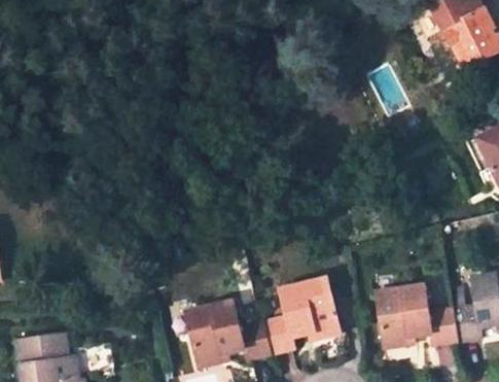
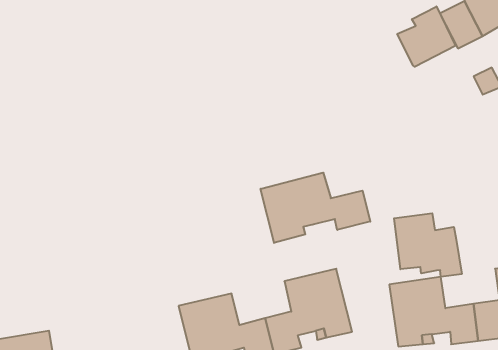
building: none -> [397,6,456,67]
building: none -> [261,173,370,243]
building: none -> [394,213,462,277]

